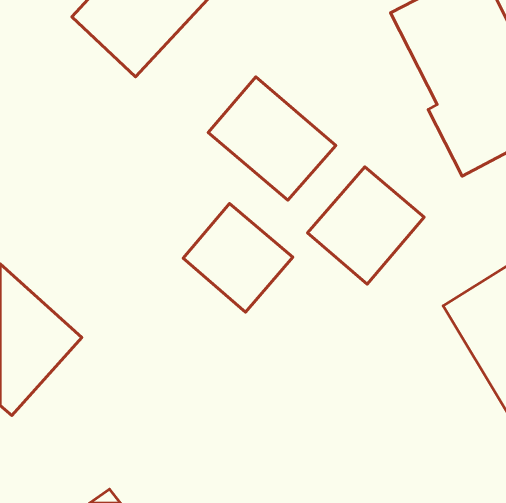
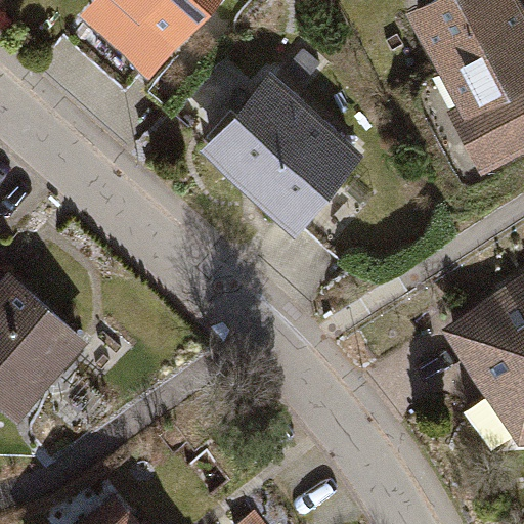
building: [307,167,424,284] -> none
building: [183,203,293,312] -> none

